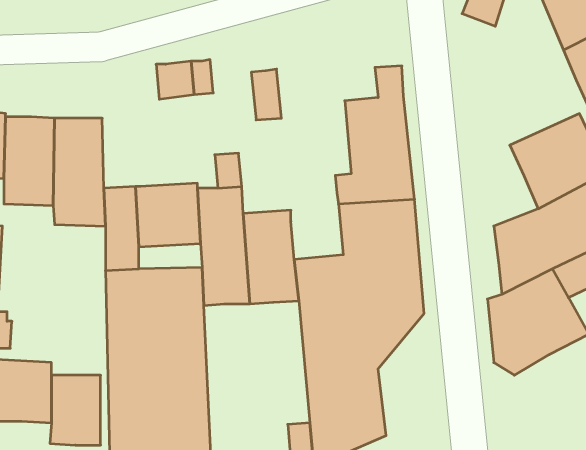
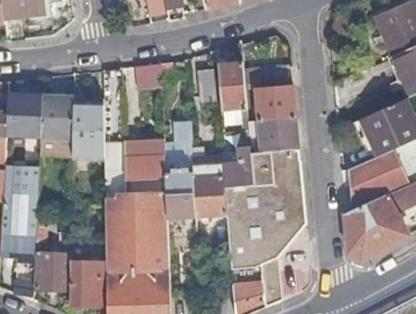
building: none -> [217,62,249,130]
building: none -> [221,146,254,188]

